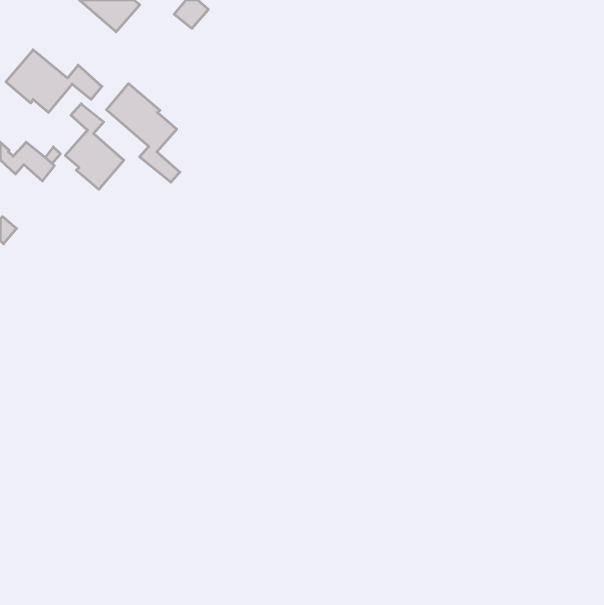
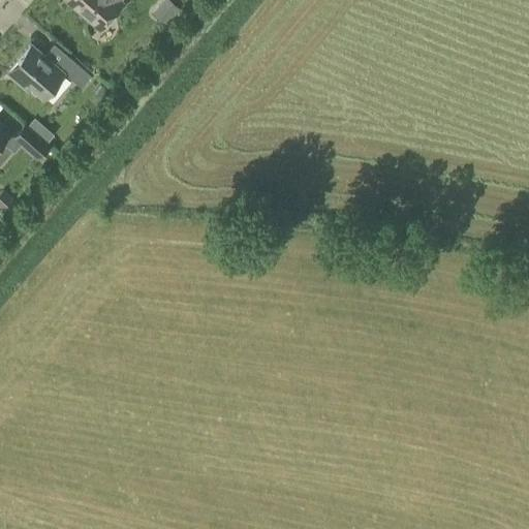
building: [106,84,180,182] -> none
building: [65,104,124,189] -> none

